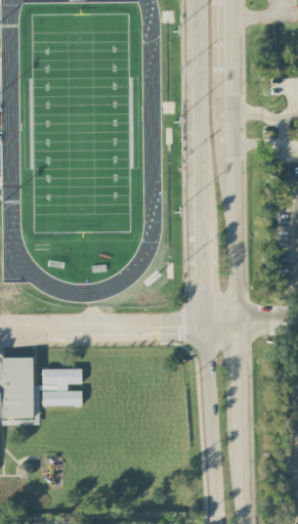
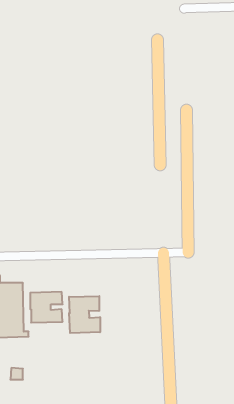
building: none -> [69,296,100,333]

